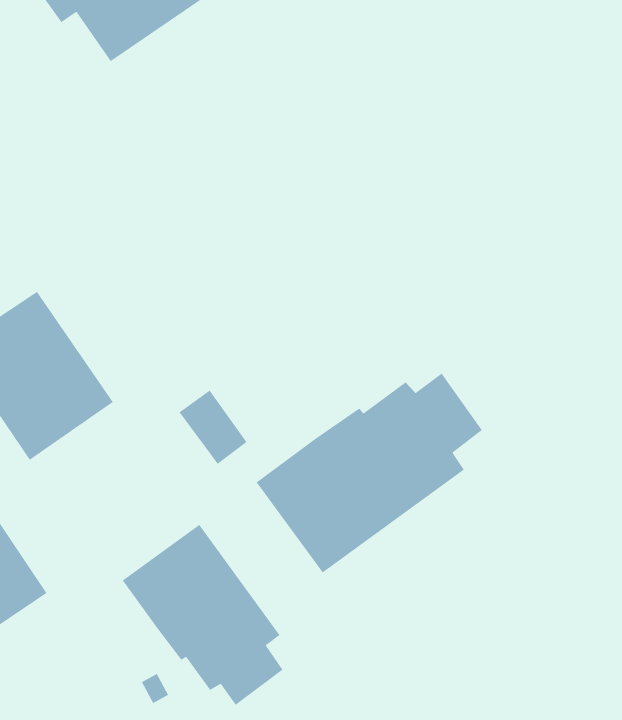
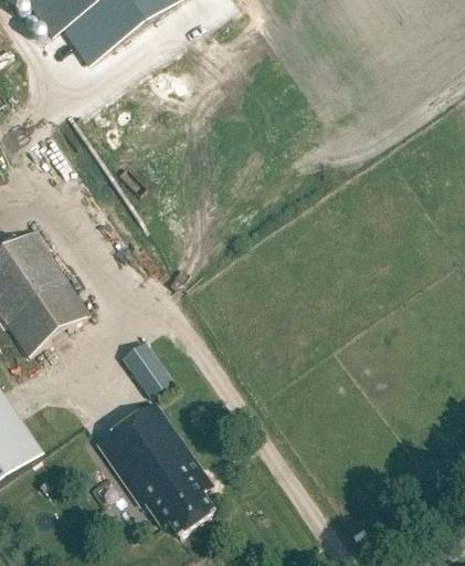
building: [255,372,483,573] -> none
building: [178,390,248,465] -> [119,339,170,395]

